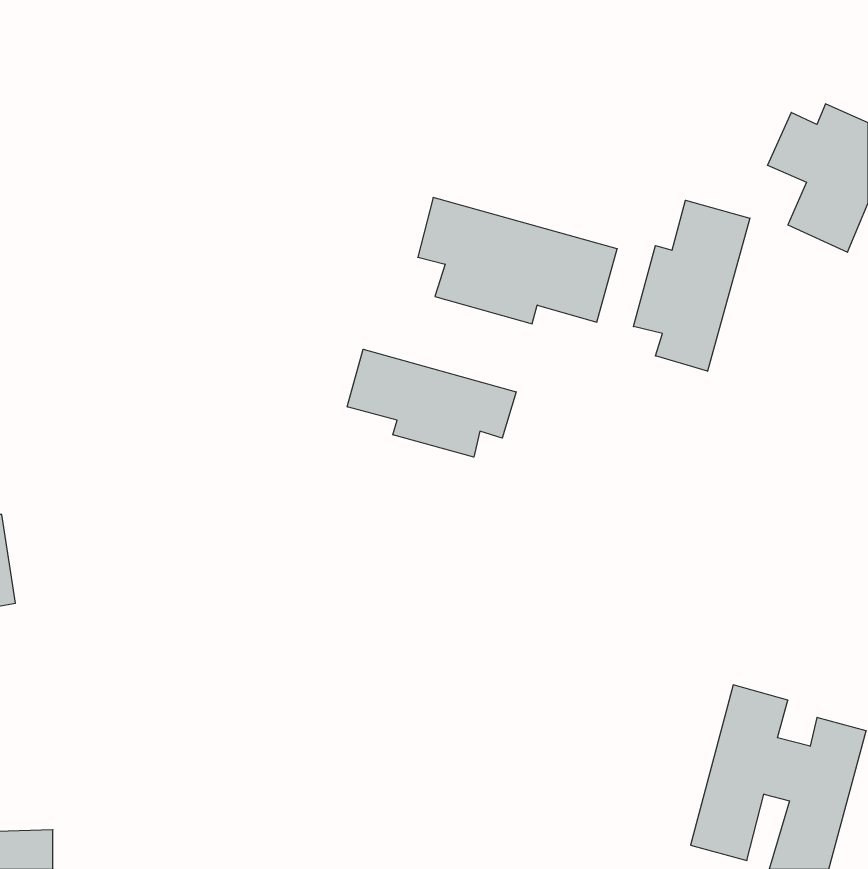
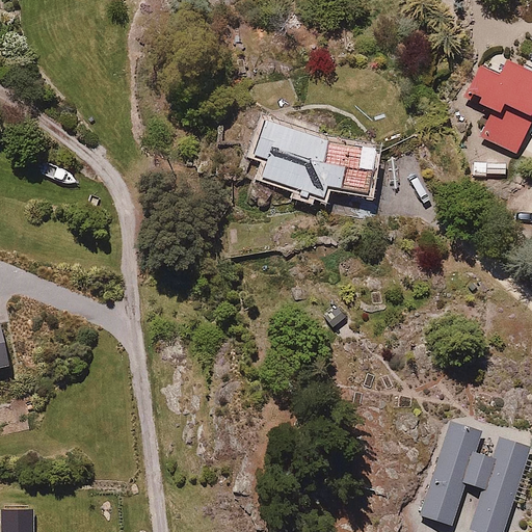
building: [633,200,750,371] -> none
building: [347,349,516,457] -> none

